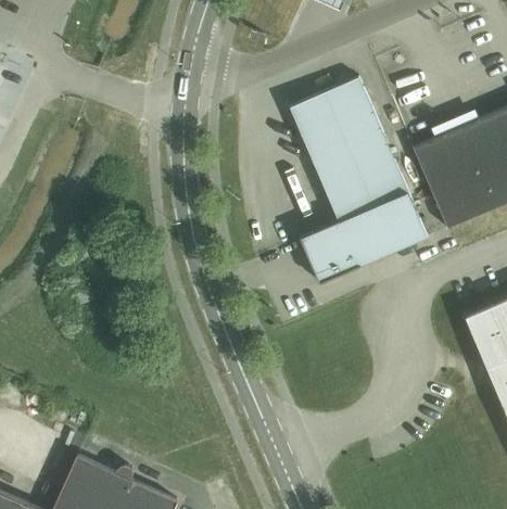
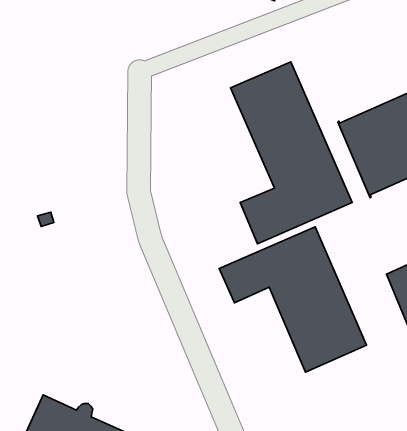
building: none -> [219,227,367,372]

